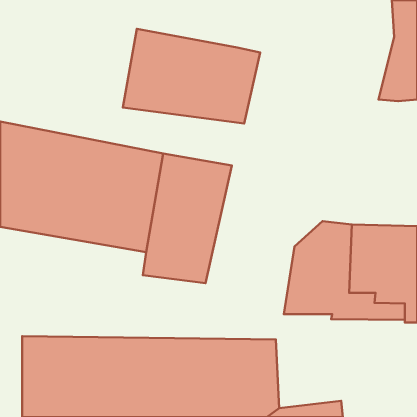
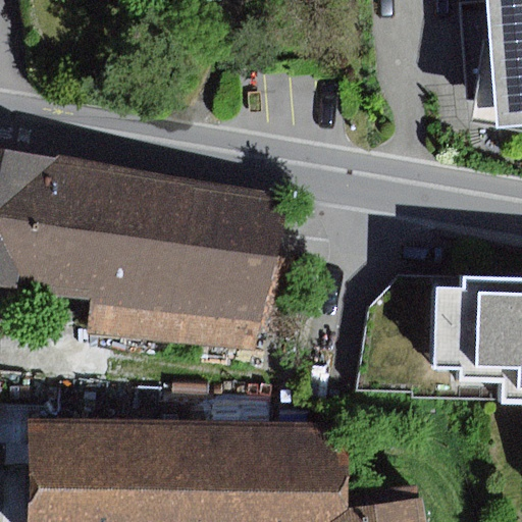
building: [123,29,260,123] -> none

